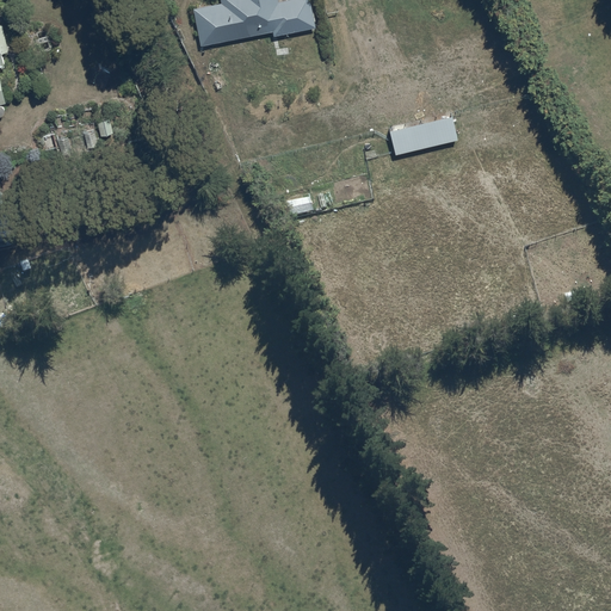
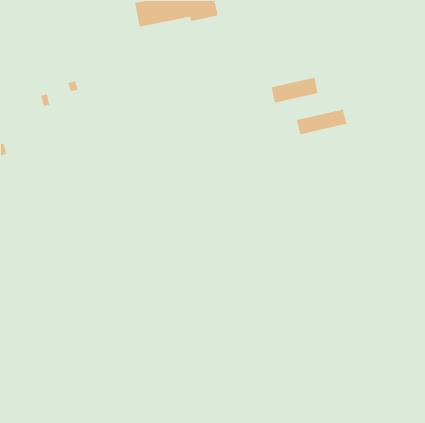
building: none -> [296,109,347,135]

